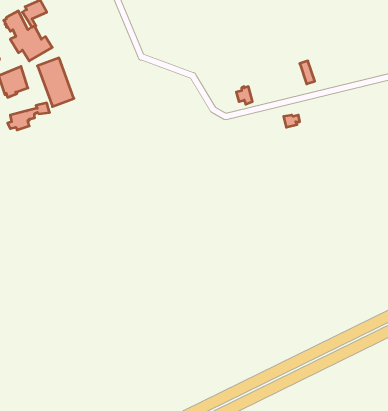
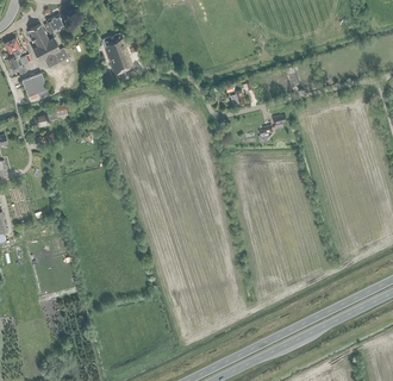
building: [37,58,74,107] -> [101,32,133,75]

